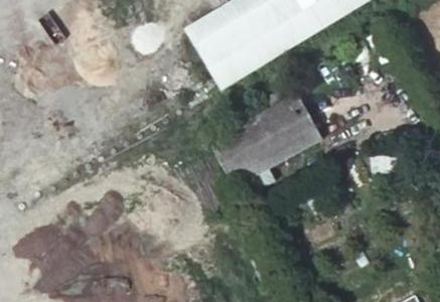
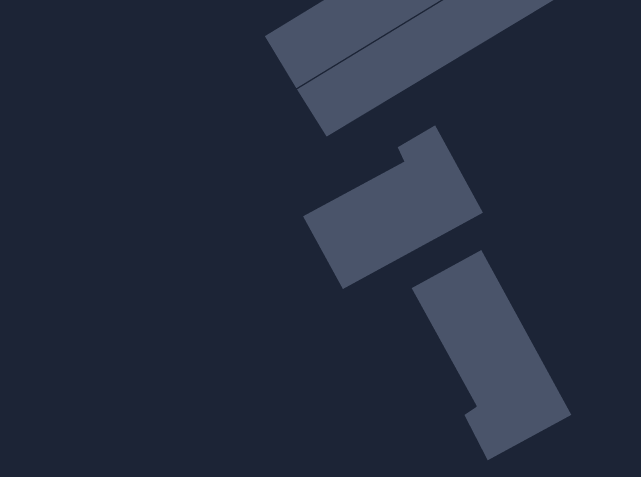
building: none -> [411,249,572,461]

